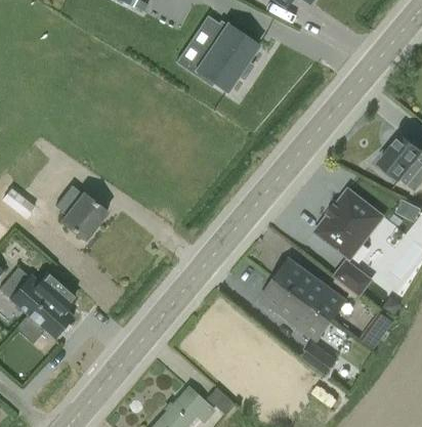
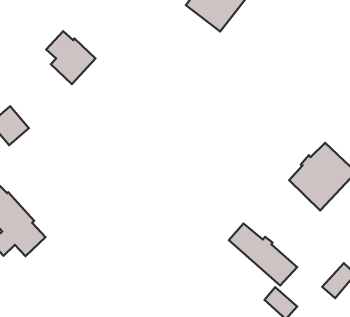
building: [53,189,104,243] -> [46,31,95,84]
building: [273,258,347,319] -> none
building: [333,262,369,296] -> none

